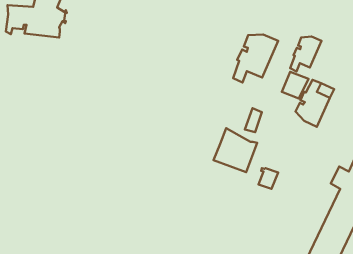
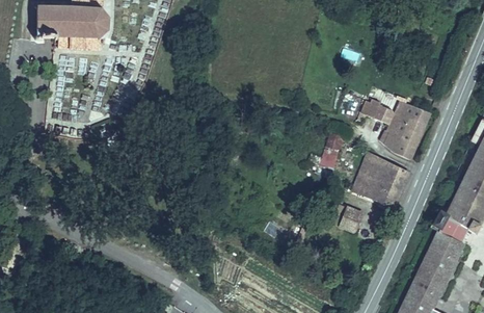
building: [233,35,278,83] -> none
building: [290,37,322,71] -> none
building: [213,128,257,172] -> [349,151,402,204]

